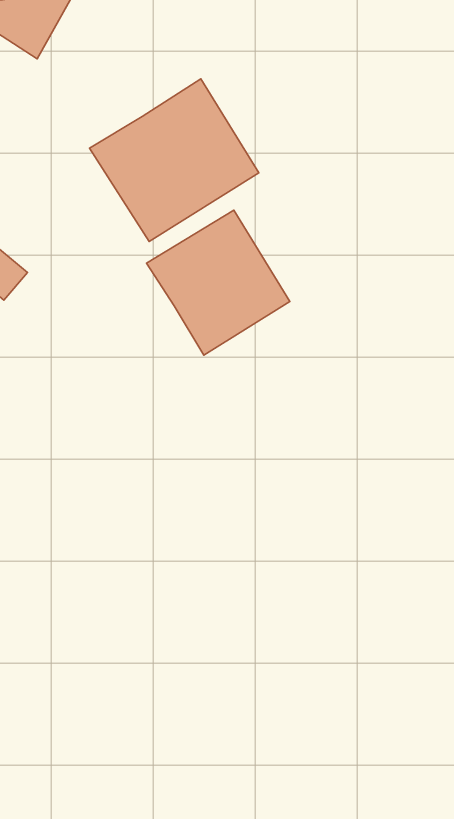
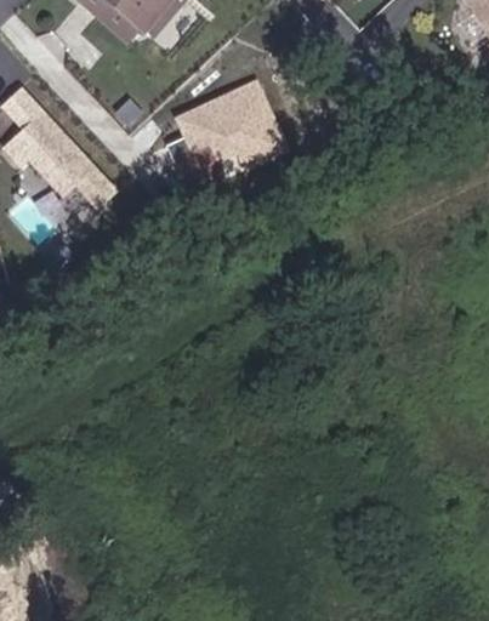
building: [146,210,290,355] -> none

